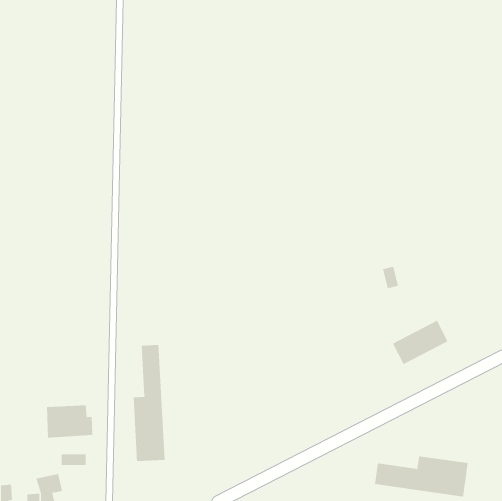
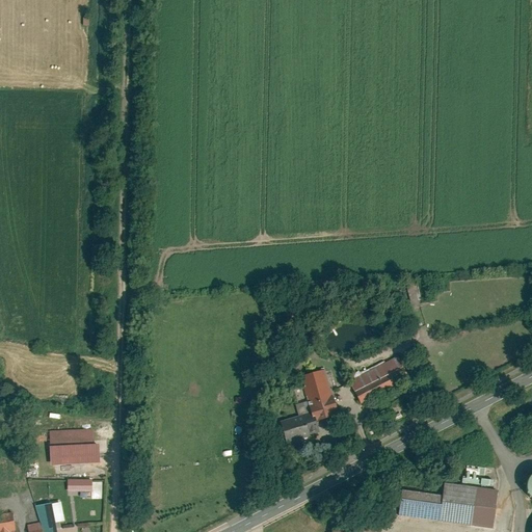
building: [392,320,448,365] -> [349,356,408,404]
building: [133,344,165,462] -> none
building: none -> [278,368,339,443]

